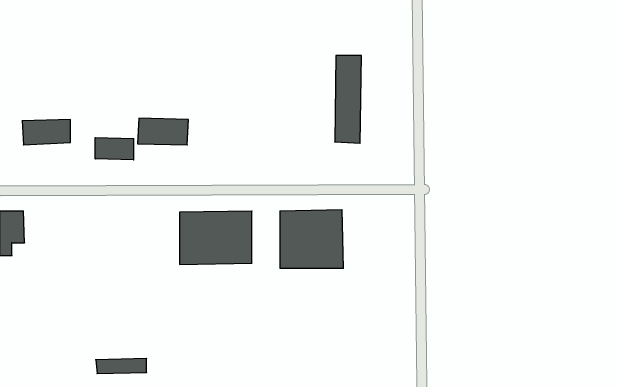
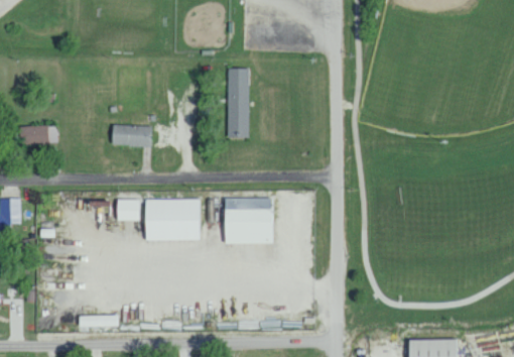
building: [335,56,361,143] -> [228,69,249,138]
building: [95,138,134,160] -> none
building: none -> [116,200,140,221]

